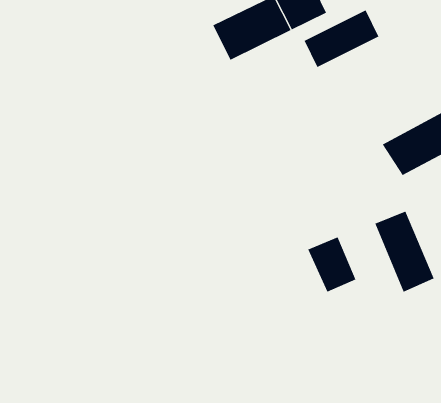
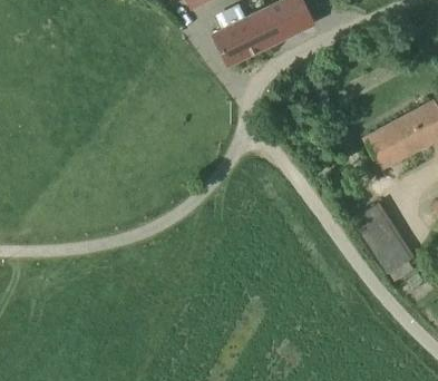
building: [304,10,379,68] -> none
building: [308,236,356,293] -> none

